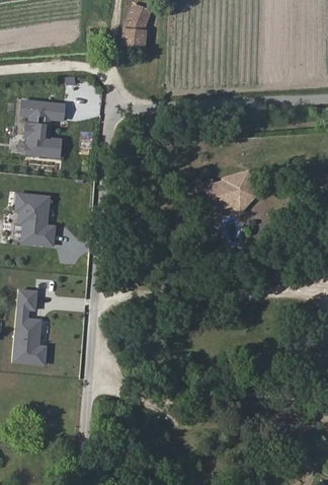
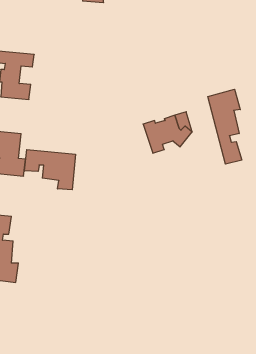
building: none -> [208,89,242,164]
building: none -> [25,150,75,190]

